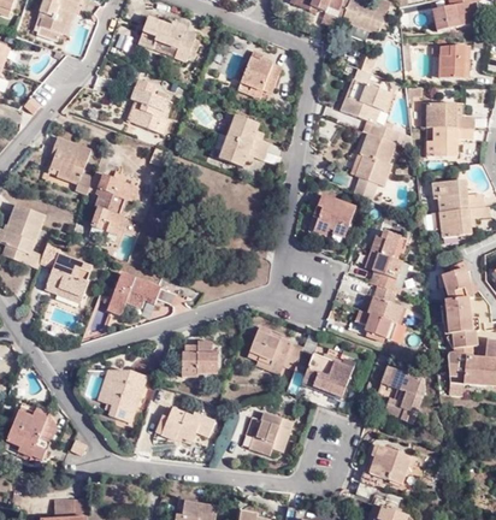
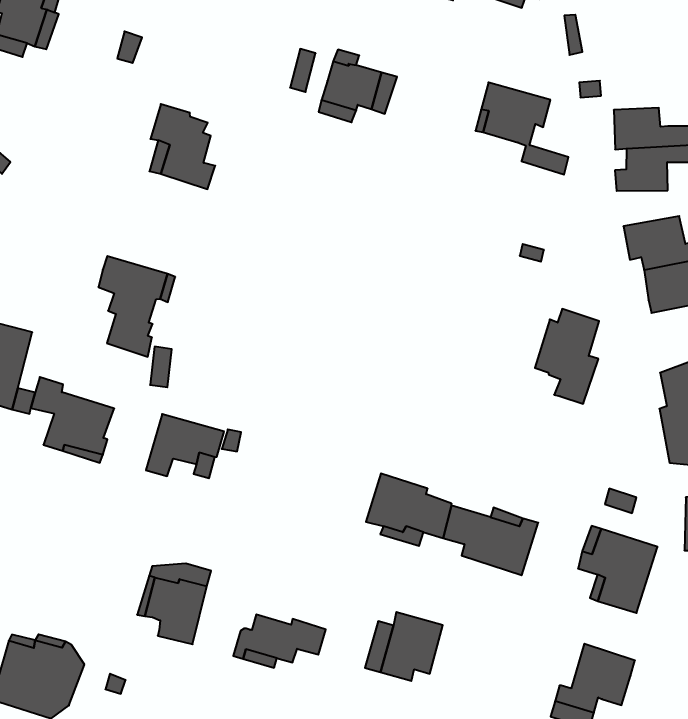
building: [136,17,194,63] -> none
building: [432,43,465,79] -> none
building: [211,114,267,167] -> none
building: [350,130,391,187] -> none
building: [48,137,93,194] -> none
building: [311,194,355,238] -> none
building: [360,284,401,338] -> none
building: [182,341,219,374] -> none

